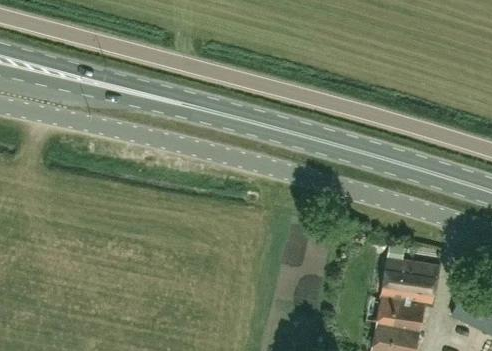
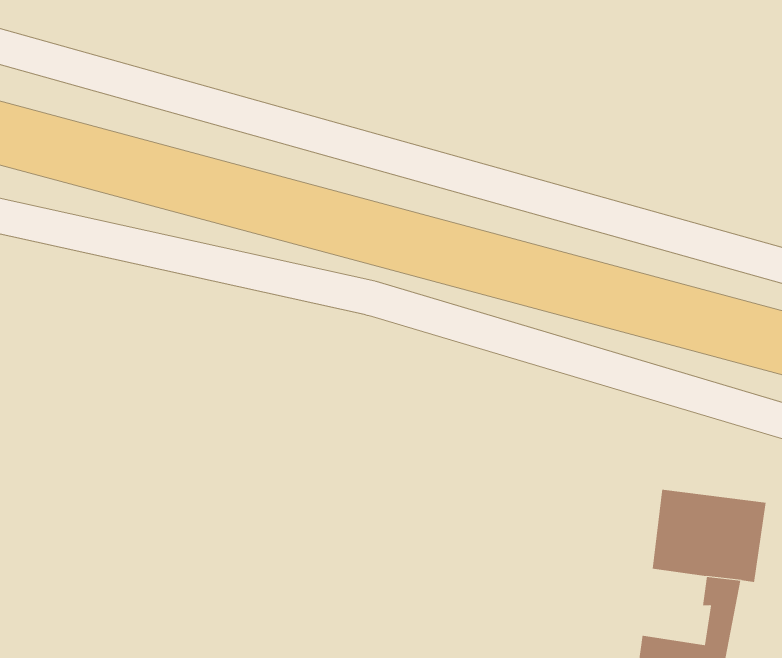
building: [375,298,410,337] -> none

